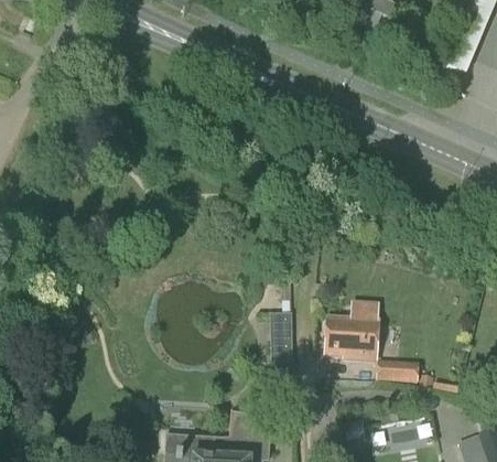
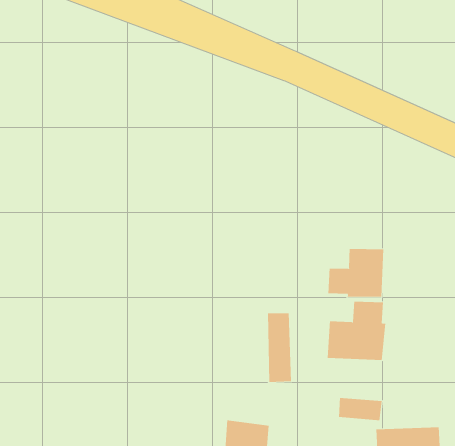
building: none -> [328,248,384,298]
building: [377,361,419,383] -> [338,397,382,421]

